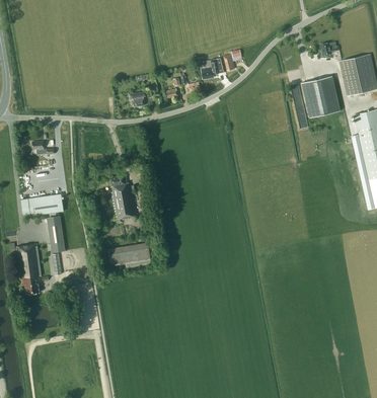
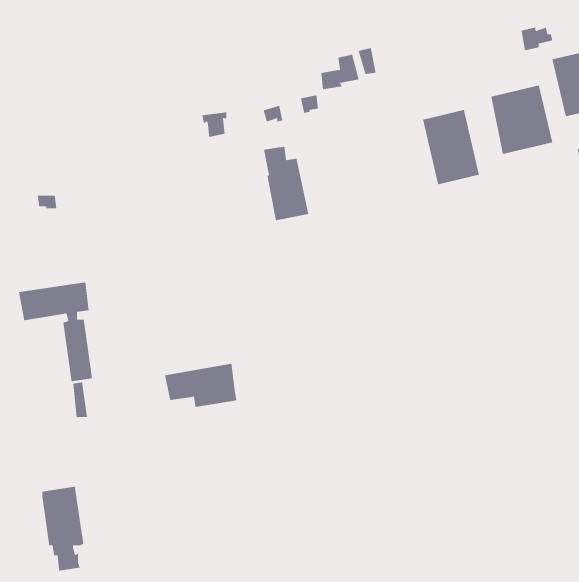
building: none -> [422,109,479,185]
building: [109,175,137,220] -> [263,146,309,221]
building: [16,243,42,294] -> [42,486,84,571]

